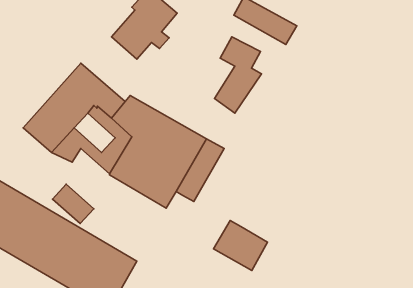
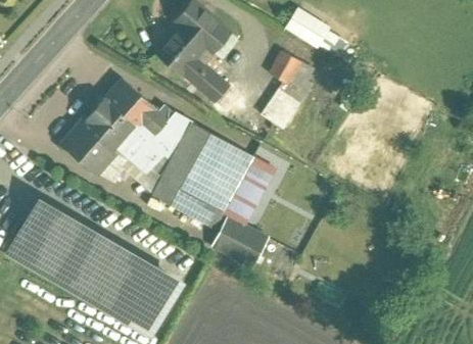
building: none -> [180,55,231,105]
building: [53,184,94,224] -> [114,129,157,169]
building: [213,221,267,271] -> [210,214,267,266]

